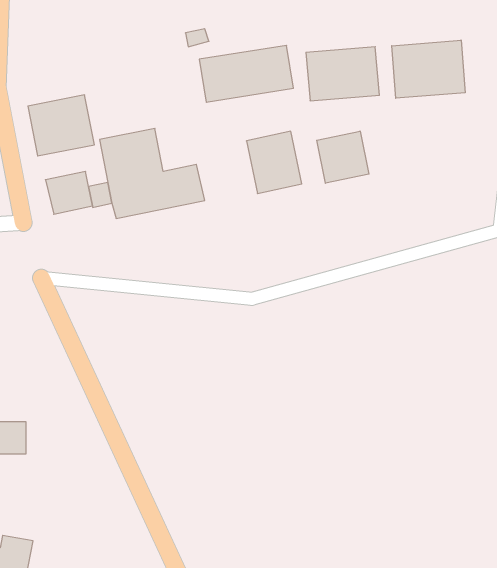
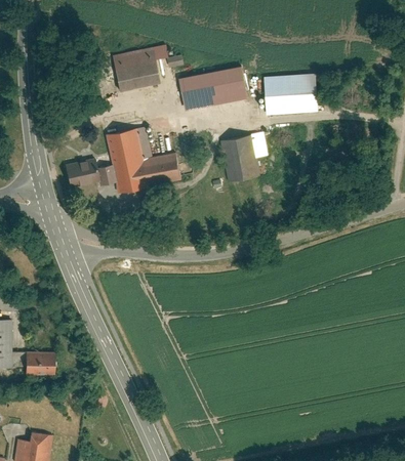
building: [392,40,465,98] -> none
building: [28,95,94,156] -> [107,41,156,86]
building: [317,131,369,183] -> none

